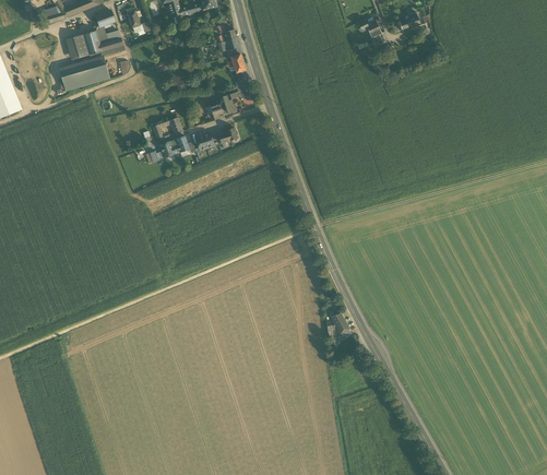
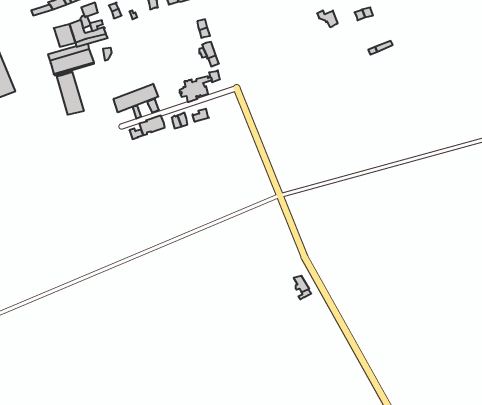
building: none -> [57,72,84,115]
building: none -> [114,84,158,112]

